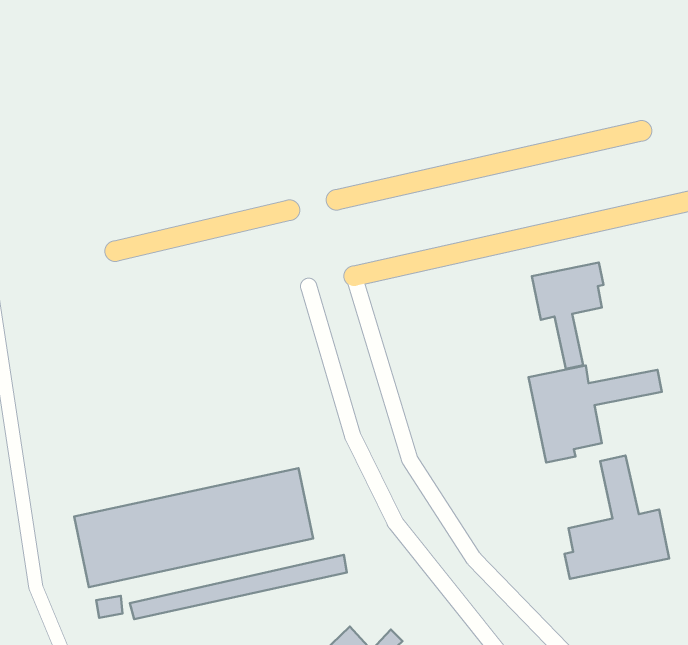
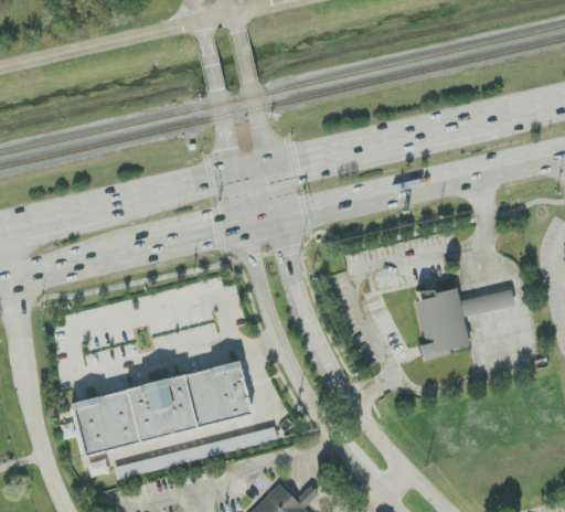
building: [532,263,603,369] -> none
building: [565,456,669,579] -> none

